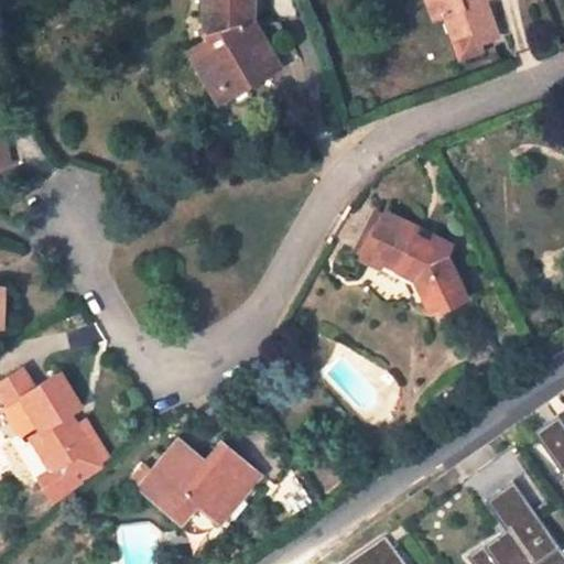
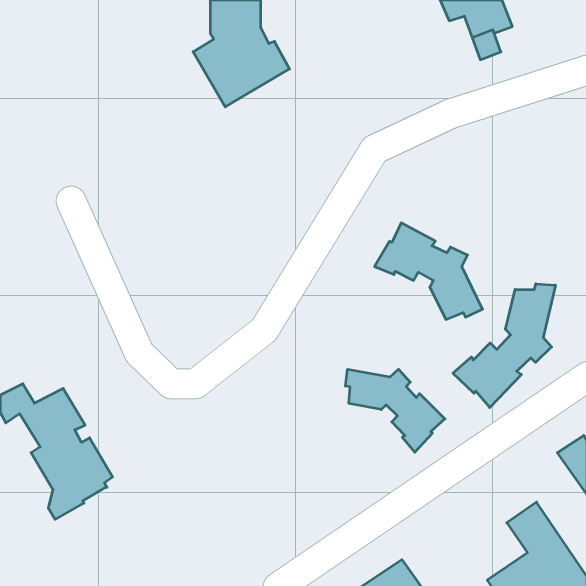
building: none -> [453,284,555,408]
building: none -> [345,369,445,452]
building: [139,440,260,523] -> none

